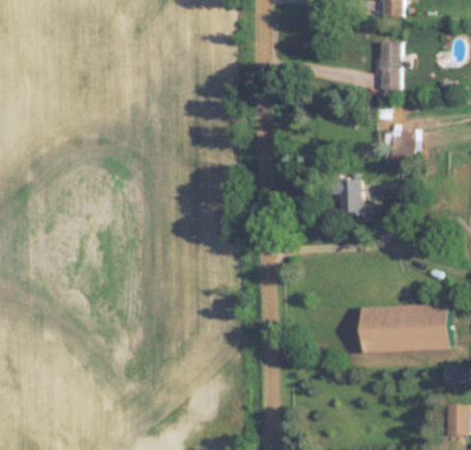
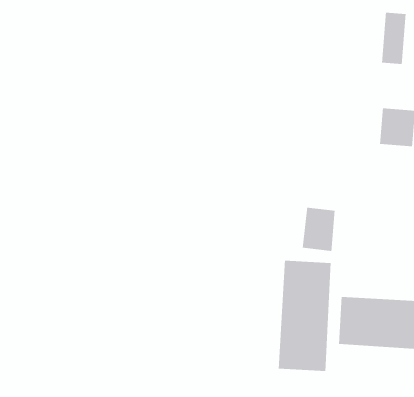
building: [333,177,361,216] -> [302,207,336,252]
building: none -> [278,260,331,372]

